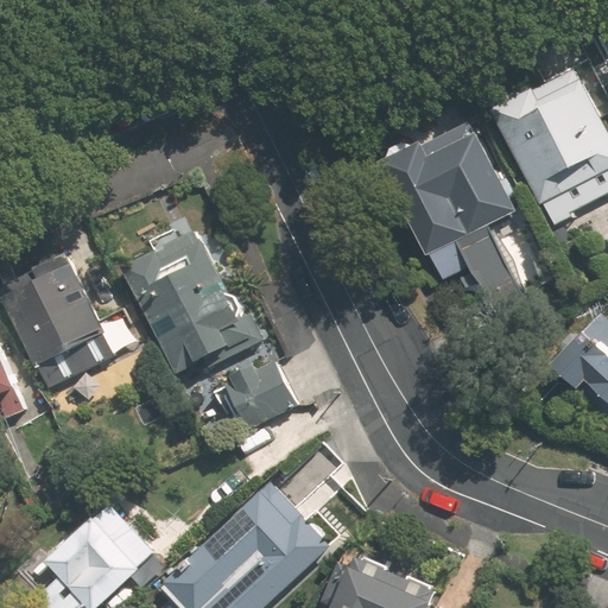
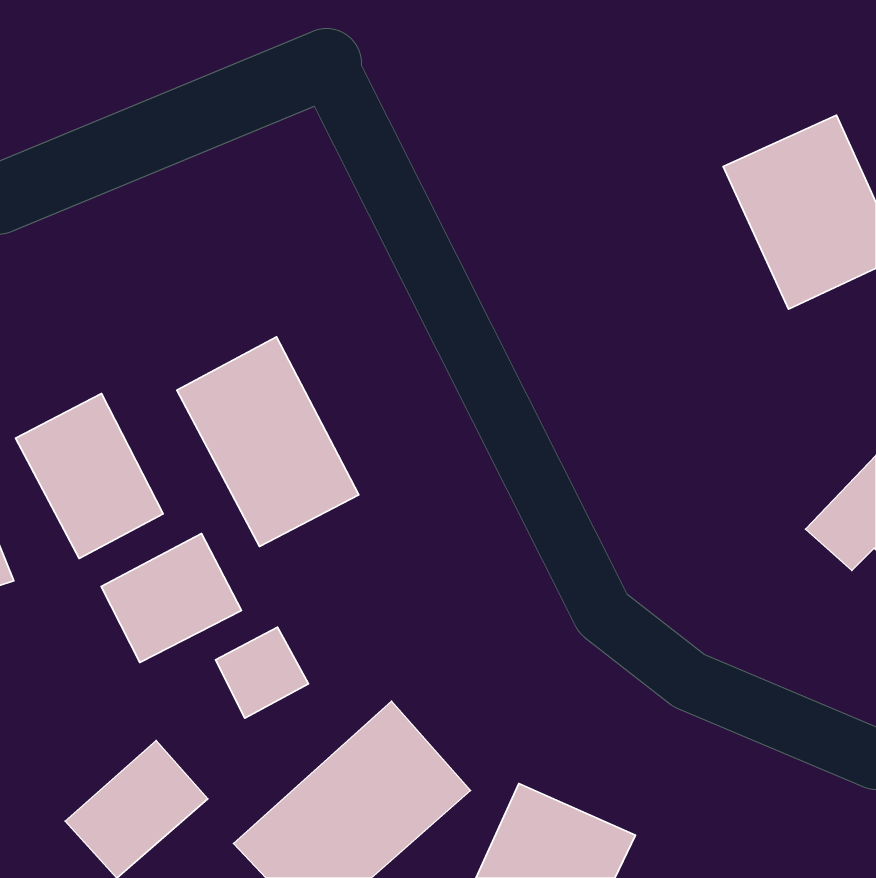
building: [382,118,509,284] -> none
building: none -> [101,534,242,663]
building: [223,372,287,435] -> [216,627,308,718]

